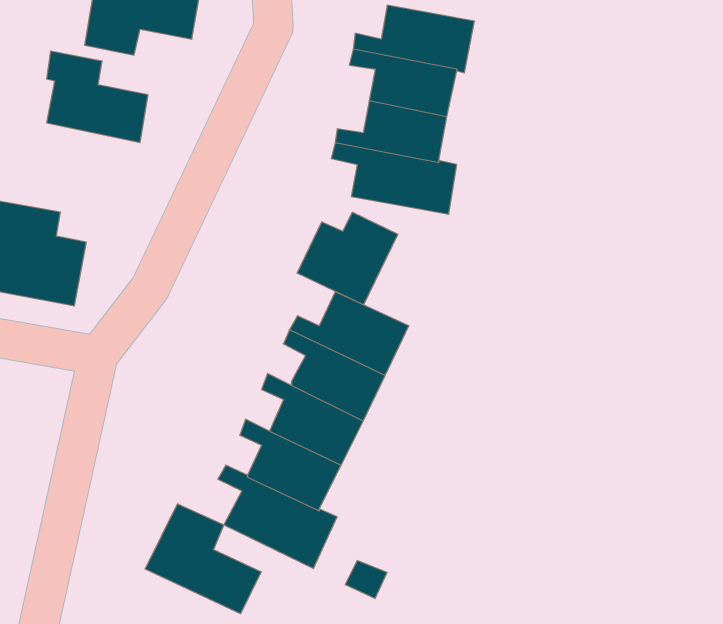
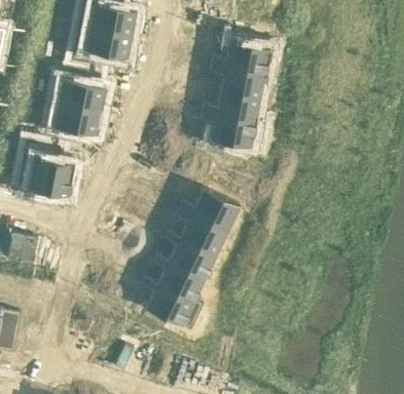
building: none -> [41,101,102,142]
building: [297,212,398,305] -> none
building: [145,504,261,614] -> none

